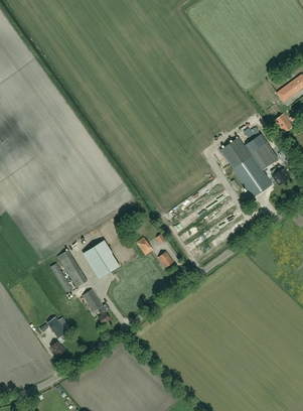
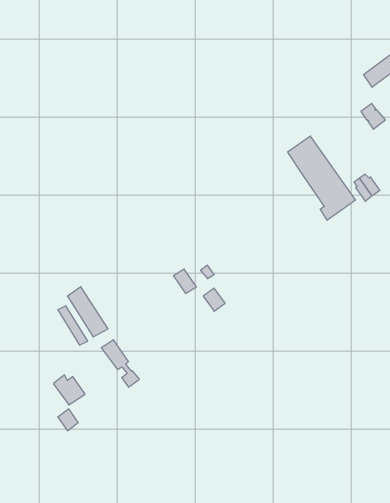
building: [247,134,277,169] -> none
building: [86,240,119,277] -> none

